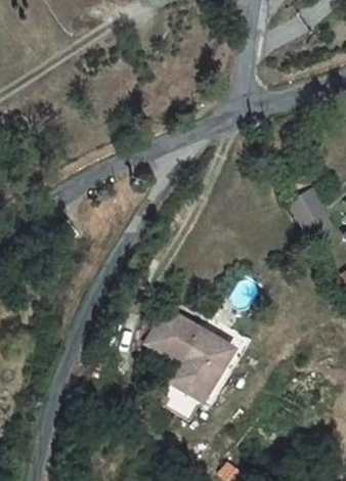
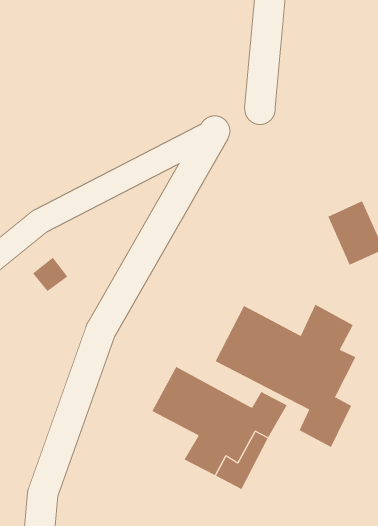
building: none -> [215,304,356,448]

